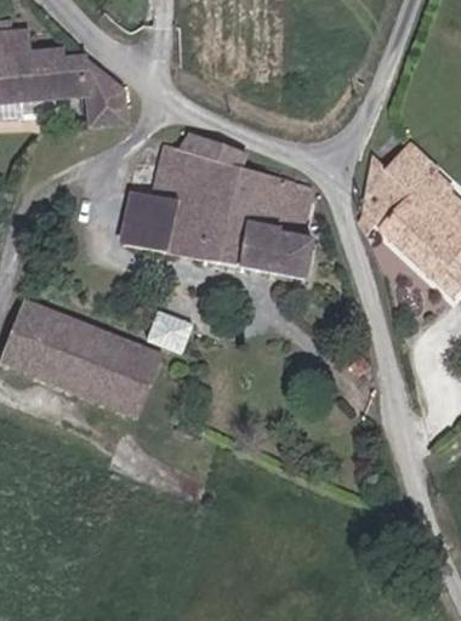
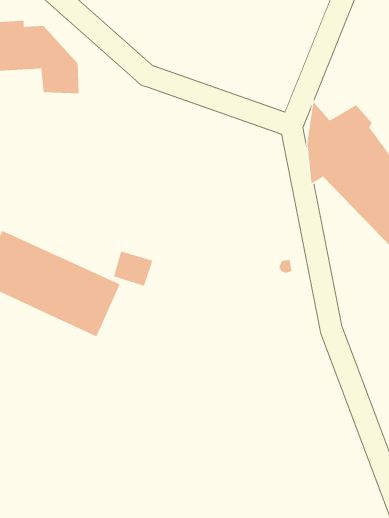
building: [125,148,314,281] -> none

